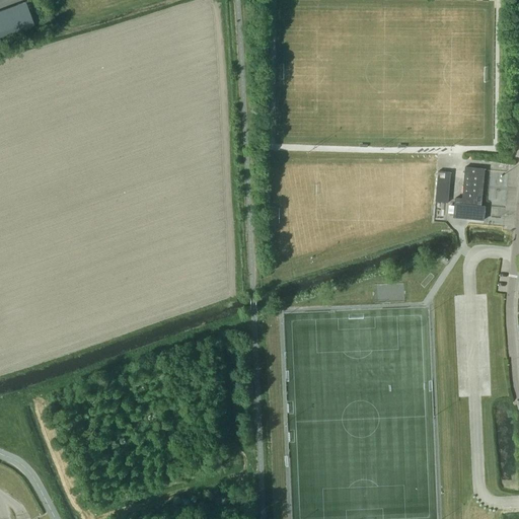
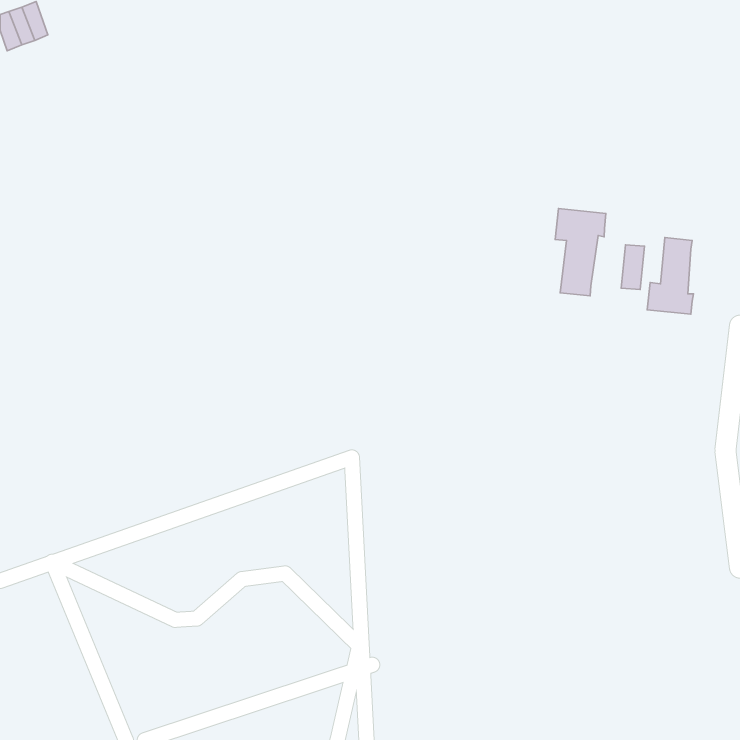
building: none -> [555,208,606,296]

